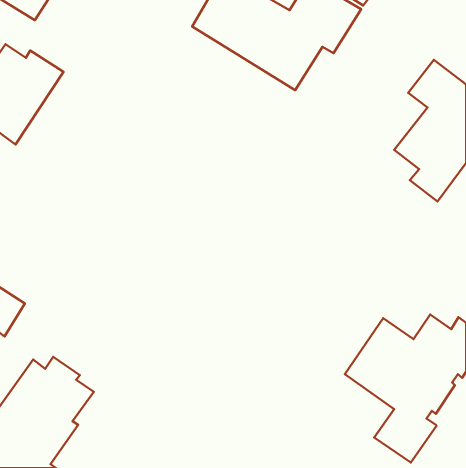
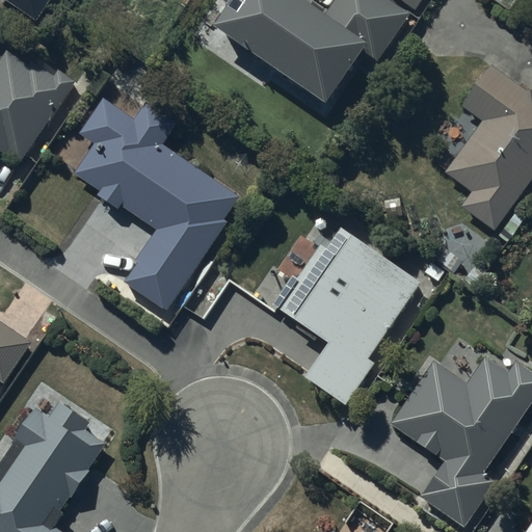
building: none -> [73,98,240,310]
building: none -> [273,224,423,404]

